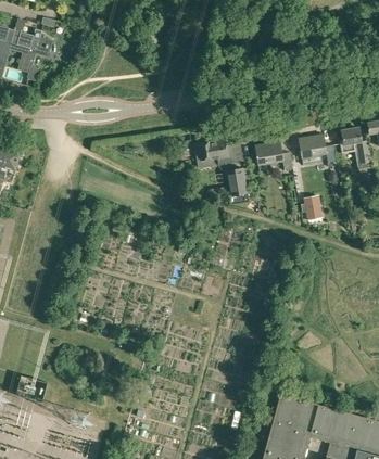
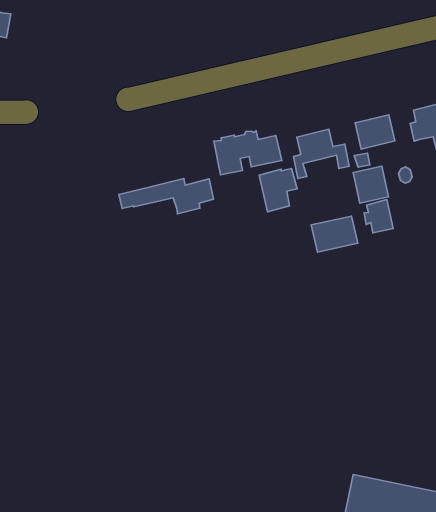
building: none -> [119,179,214,214]
building: none -> [353,166,389,203]
building: none -> [311,216,358,252]

